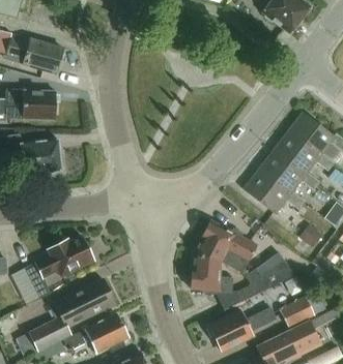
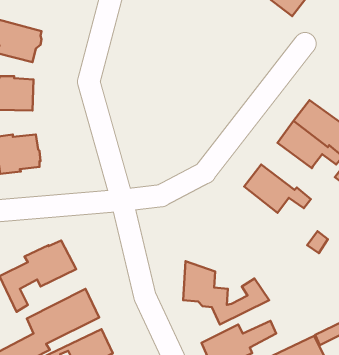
building: [260,148,319,190] -> none
building: [192,220,255,272] -> none
building: [254,253,292,290] -> none
building: [278,298,311,327] -> none

